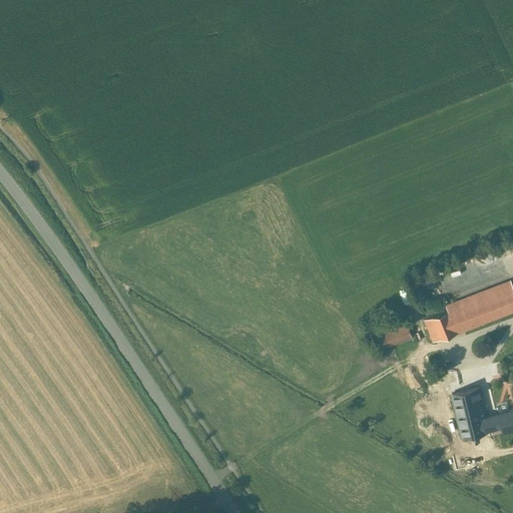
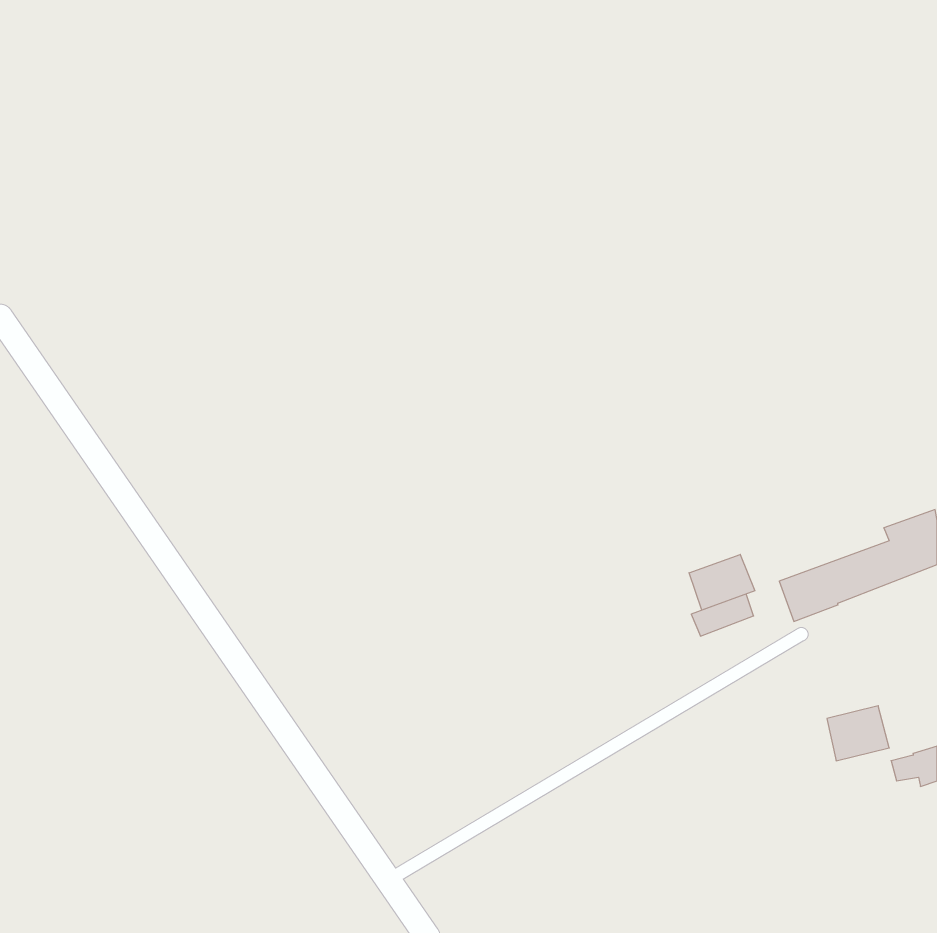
building: none -> [689,554,755,610]
building: [457,411,490,438] -> none

